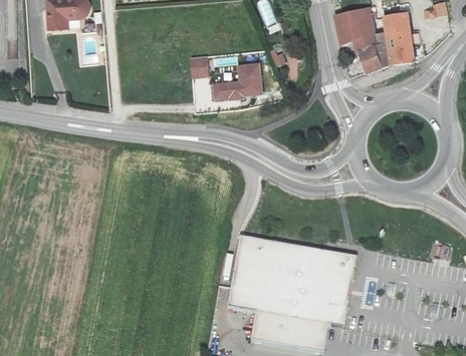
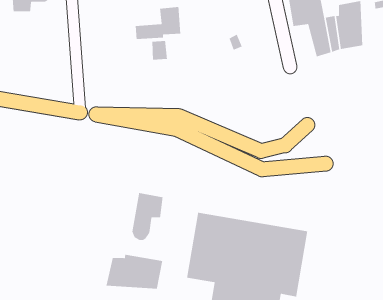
building: [213,62,261,97] -> [135,6,181,40]
building: none -> [132,192,164,241]
building: none -> [105,254,163,290]

